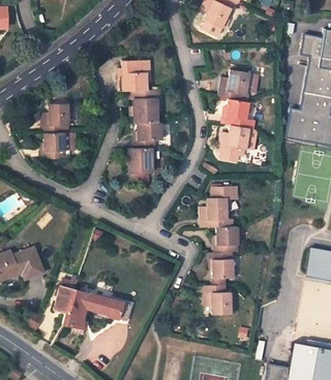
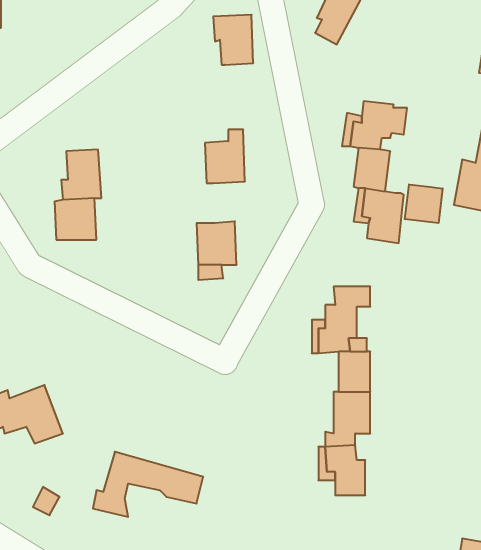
building: [122,60,147,91] -> [213,15,253,65]
building: [138,122,161,148] -> none
building: none -> [405,184,443,223]
building: [54,281,77,314] -> none

